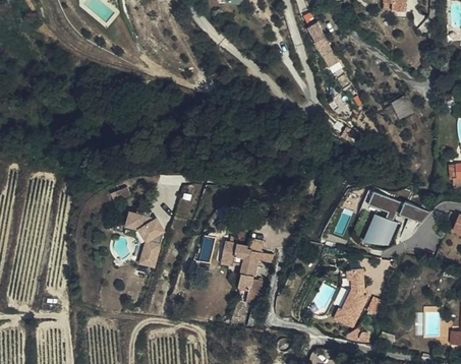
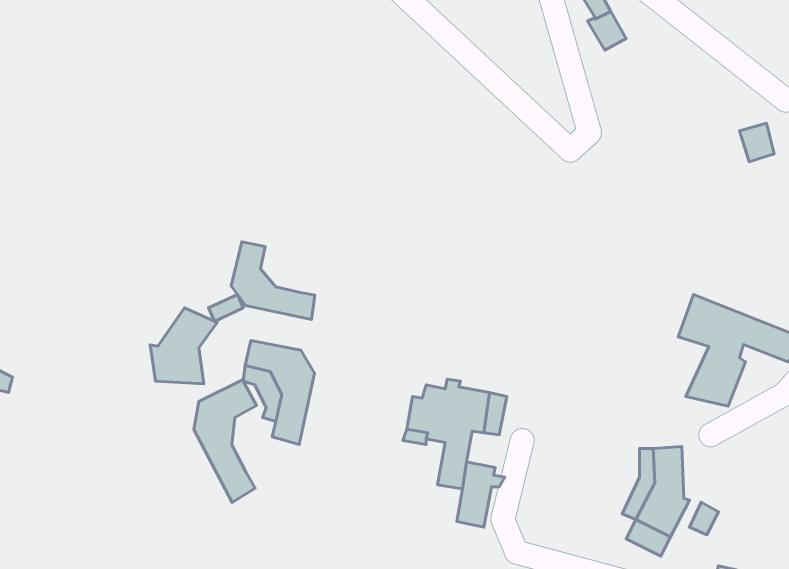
building: none -> [231,242,315,320]
building: none -> [150,308,217,384]
building: none -> [194,380,256,502]

